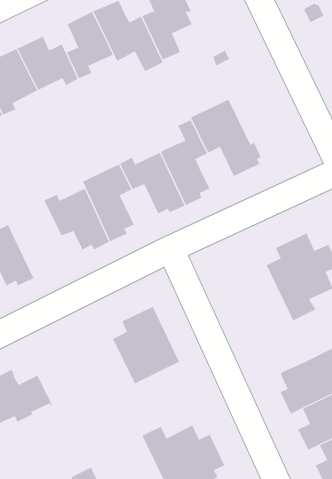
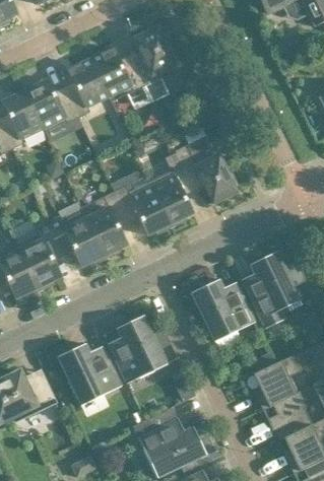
building: none -> [18,222,64,290]
building: none -> [192,278,256,341]
building: none -> [59,343,122,405]

